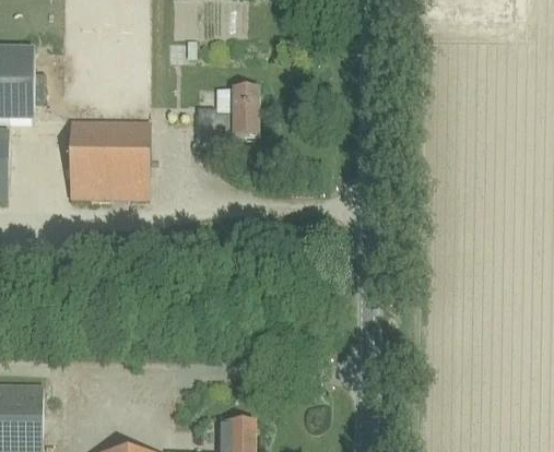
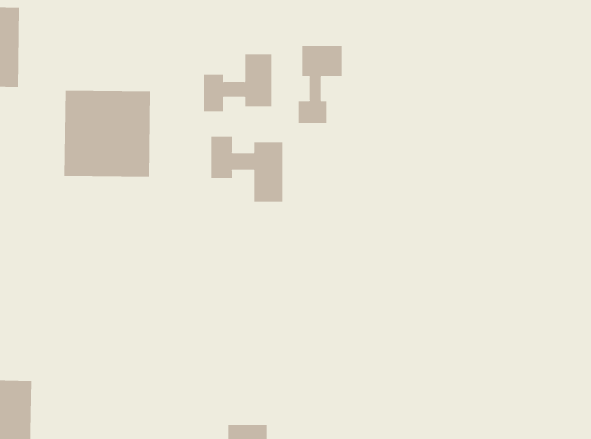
building: none -> [298,45,342,124]
building: none -> [211,136,283,202]

